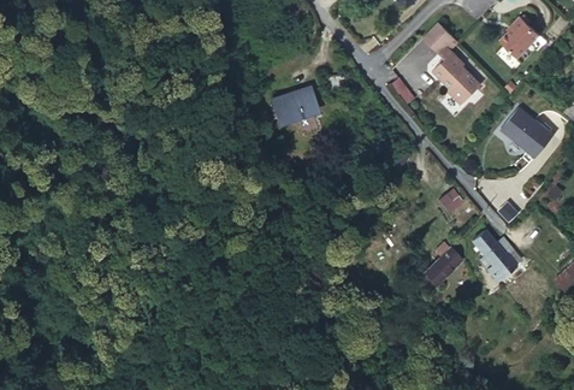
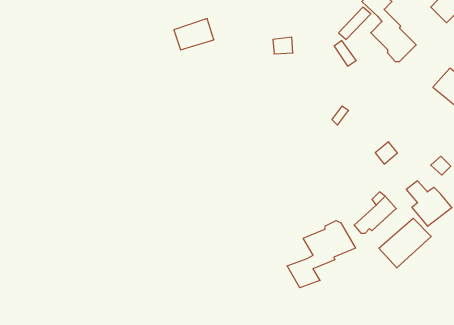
building: [272,88,315,122] -> [174,19,214,50]
building: none -> [379,218,431,268]
building: none -> [287,221,356,288]

